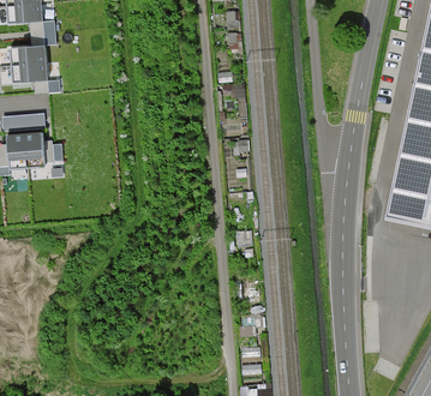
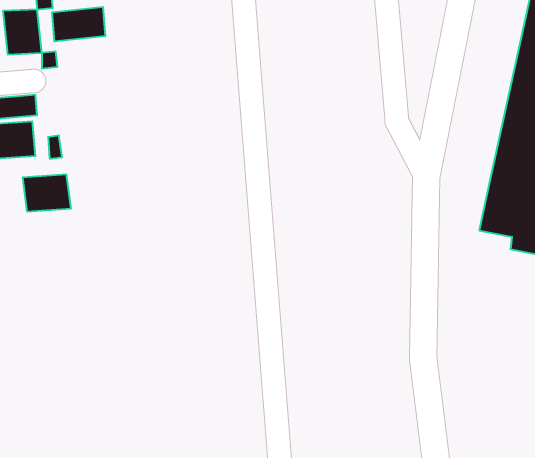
building: none -> [52,7,105,42]
building: none -> [23,174,71,212]

